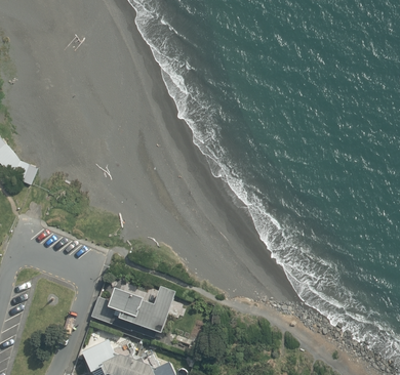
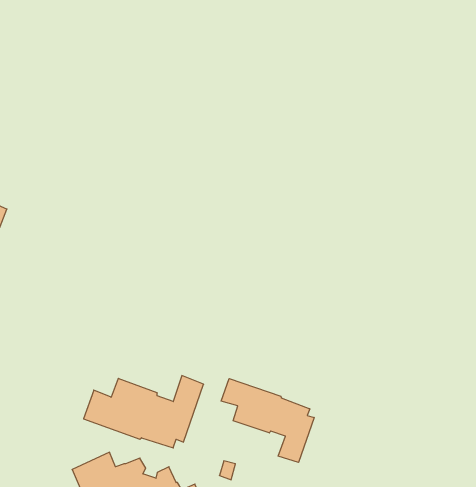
building: none -> [221,379,314,462]

